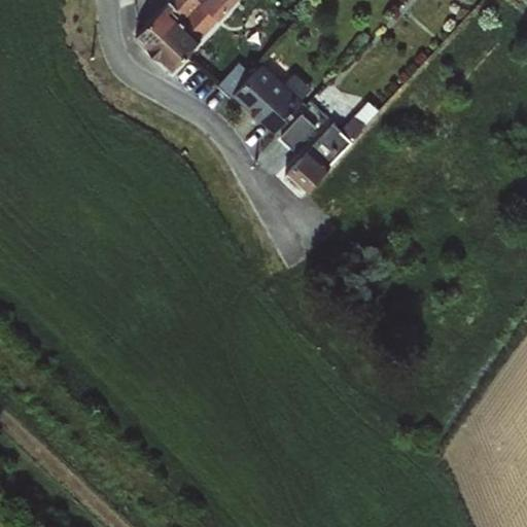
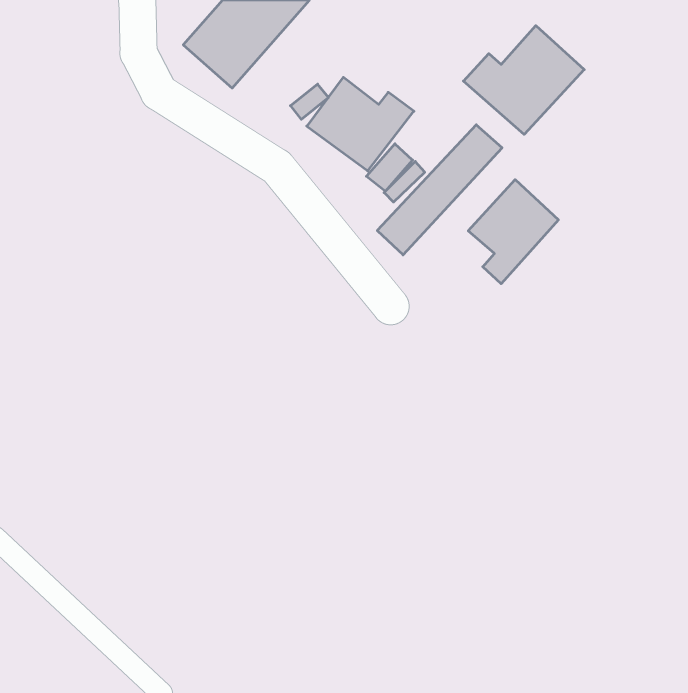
building: none -> [463,26,584,134]
building: none -> [468,180,558,284]

